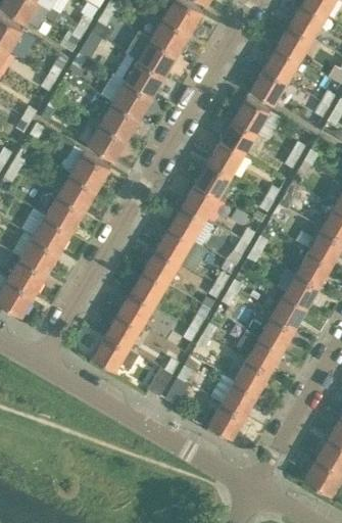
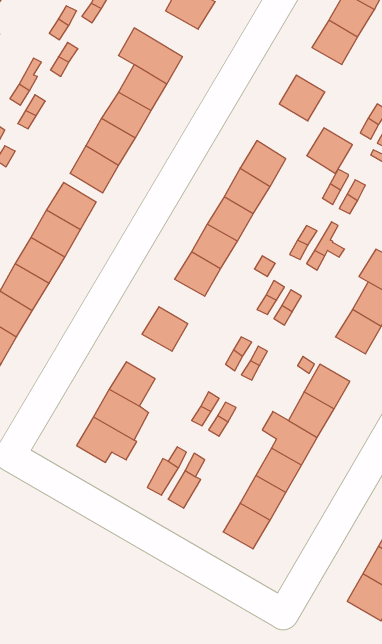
building: [150,18,188,54] -> none
building: [264,47,300,82] -> none
building: [234,98,270,134] -> [307,128,352,174]
building: [157,228,193,263] -> none
building: [132,271,167,305] -> none
building: [283,273,319,307] -> none

